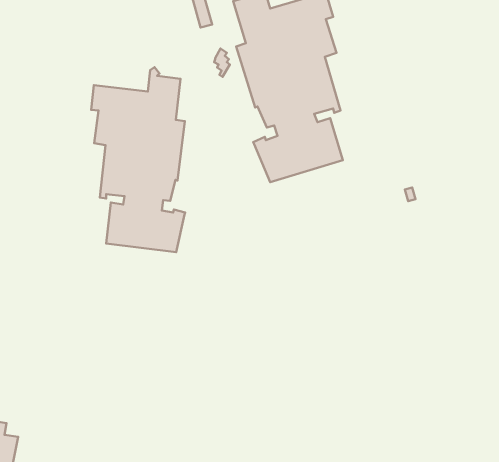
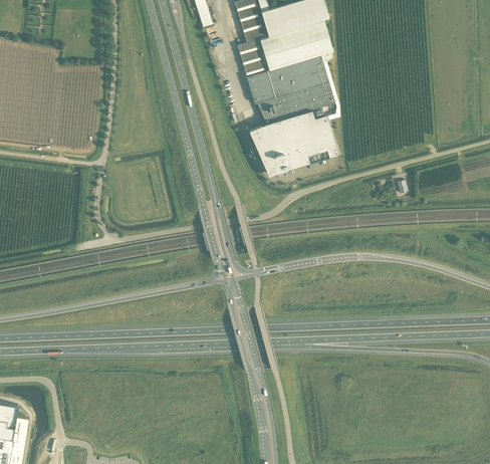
building: [91,67,185,252] -> none

